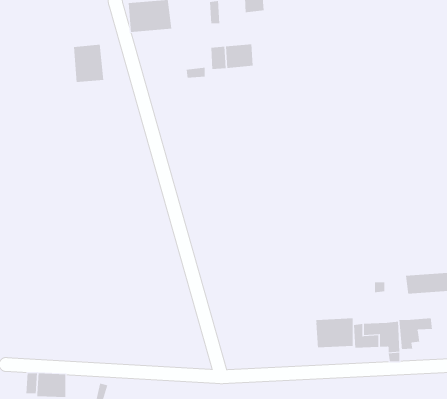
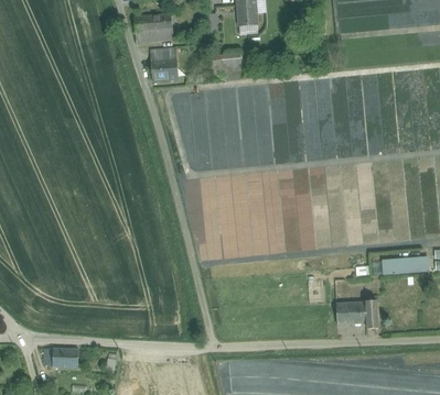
building: [73,44,104,82] -> [151,47,179,81]
building: [399,317,433,350] -> none
building: [316,318,353,348] -> none

